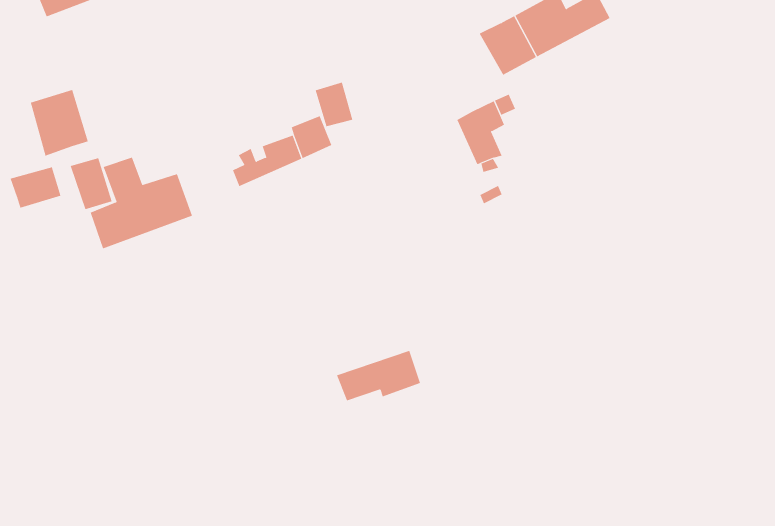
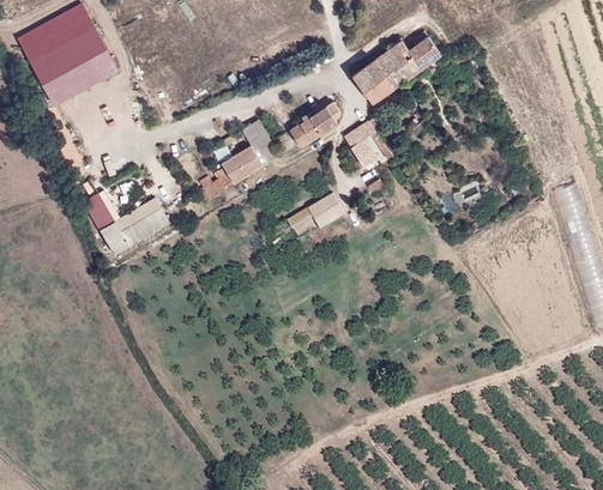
building: none -> [289,105,337,145]
building: [30,89,89,156] -> none
building: [10,167,61,209] -> none
building: [336,350,421,401] -> [288,193,346,234]

